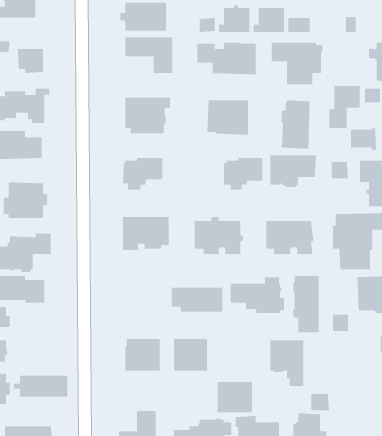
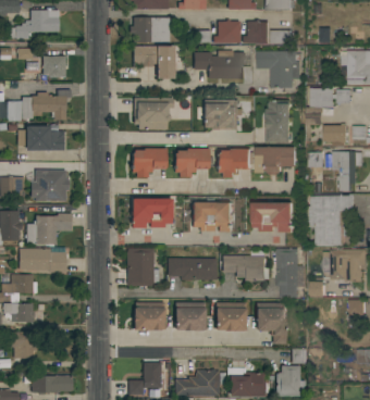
building: none -> [175,149,209,177]
building: none -> [127,248,159,286]
building: [13,375,68,397] -> none
building: [217,381,253,413] -> [215,303,246,330]

